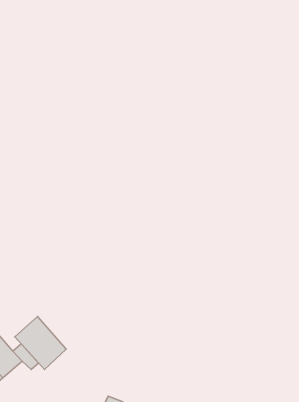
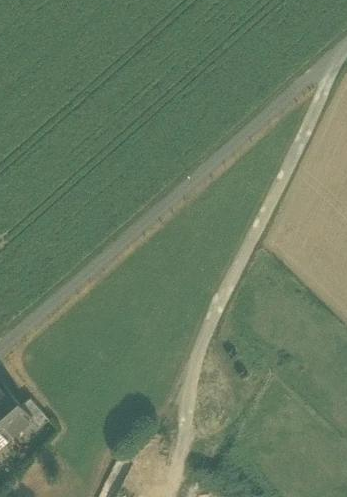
building: [15,317,66,370] -> none

